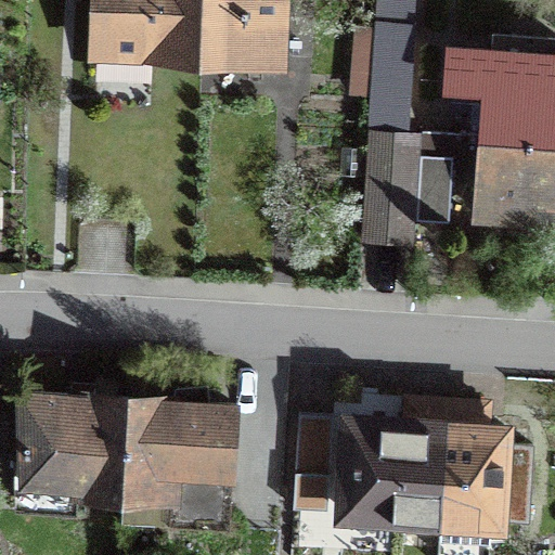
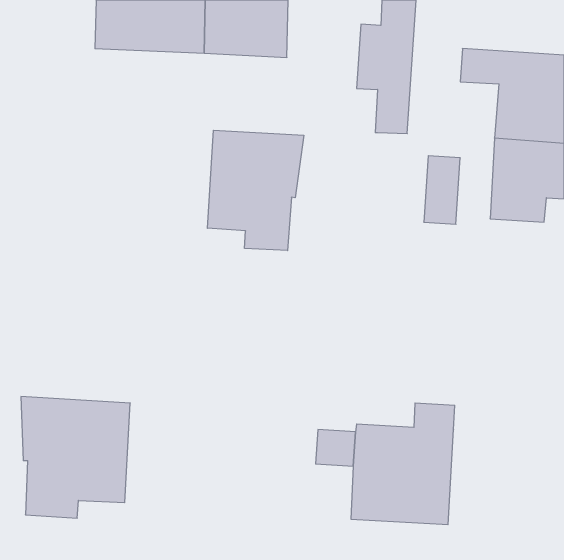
building: none -> [207,130,304,251]
building: [364,134,415,244] -> none
building: [122,388,235,527] -> none
building: [439,402,521,546] -> none

